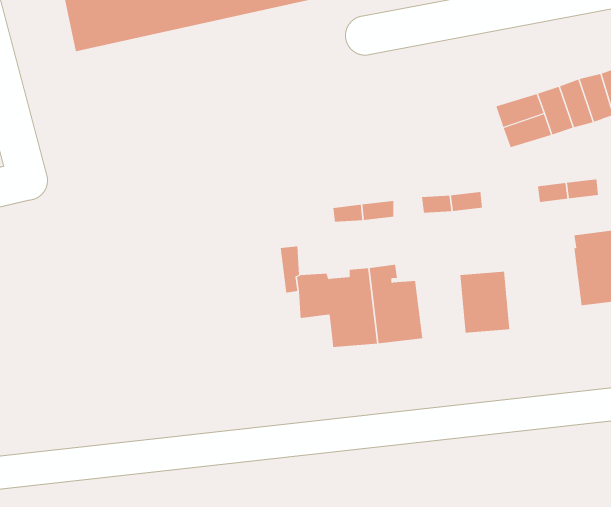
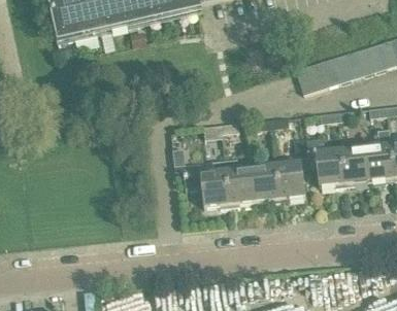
building: none -> [305,137,343,183]
building: none -> [250,164,277,200]

